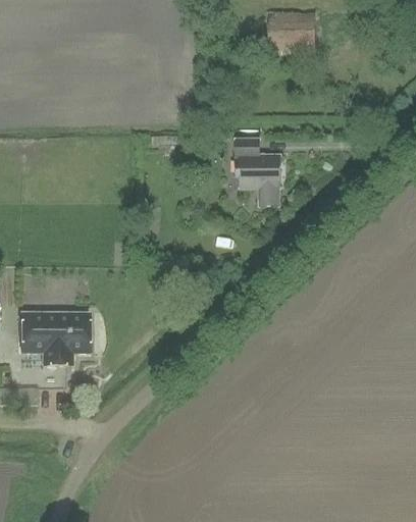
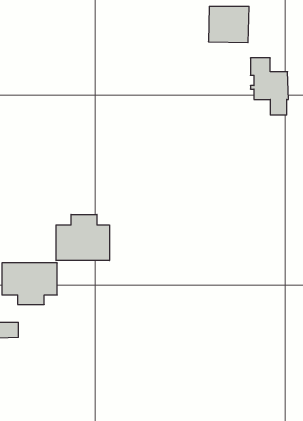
building: [235,138,279,205] -> [250,58,288,115]
building: none -> [56,214,109,261]

